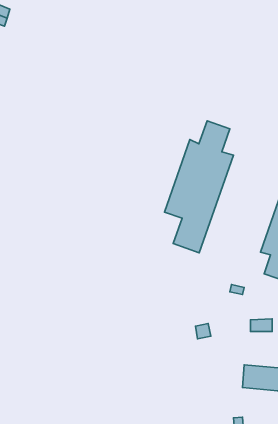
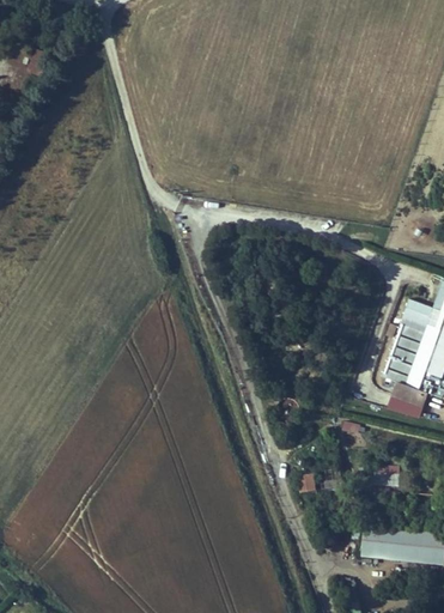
building: [164,121,233,253] -> none

